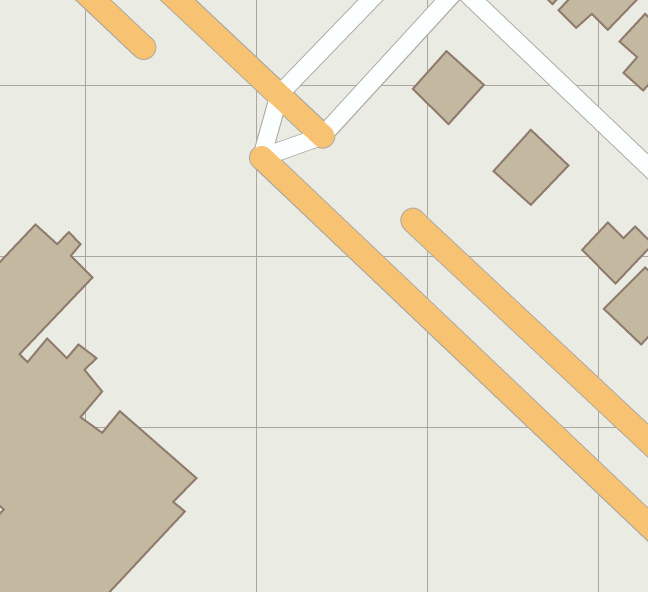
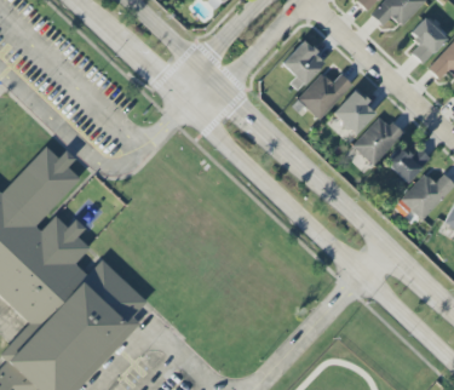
building: none -> [297,73,352,119]
building: none -> [351,115,401,166]

